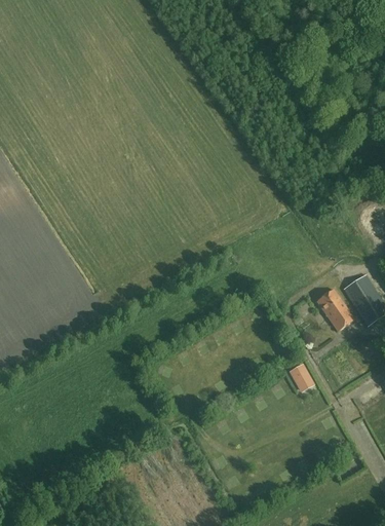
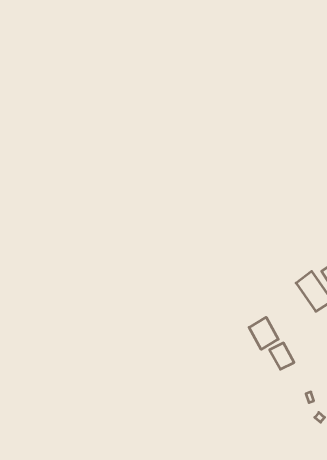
building: none -> [249,317,278,349]

